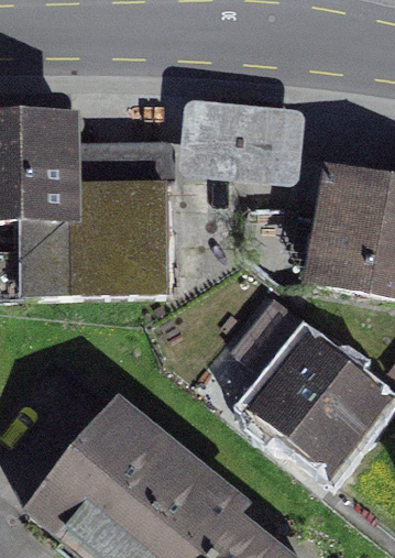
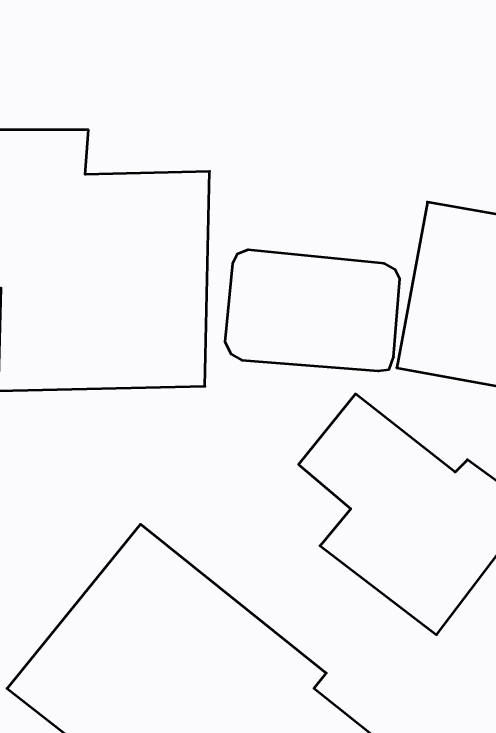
building: [178,99,304,186] -> [225,250,400,371]

